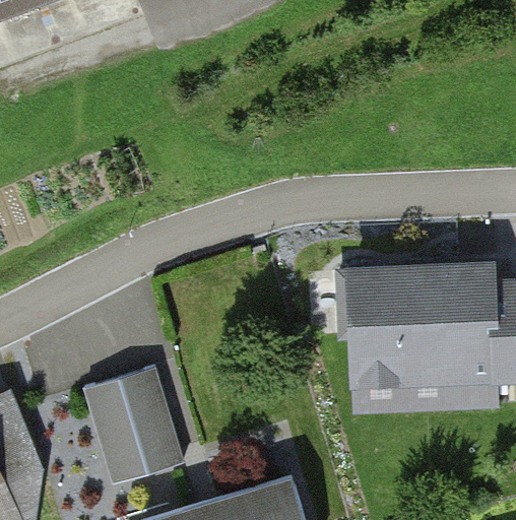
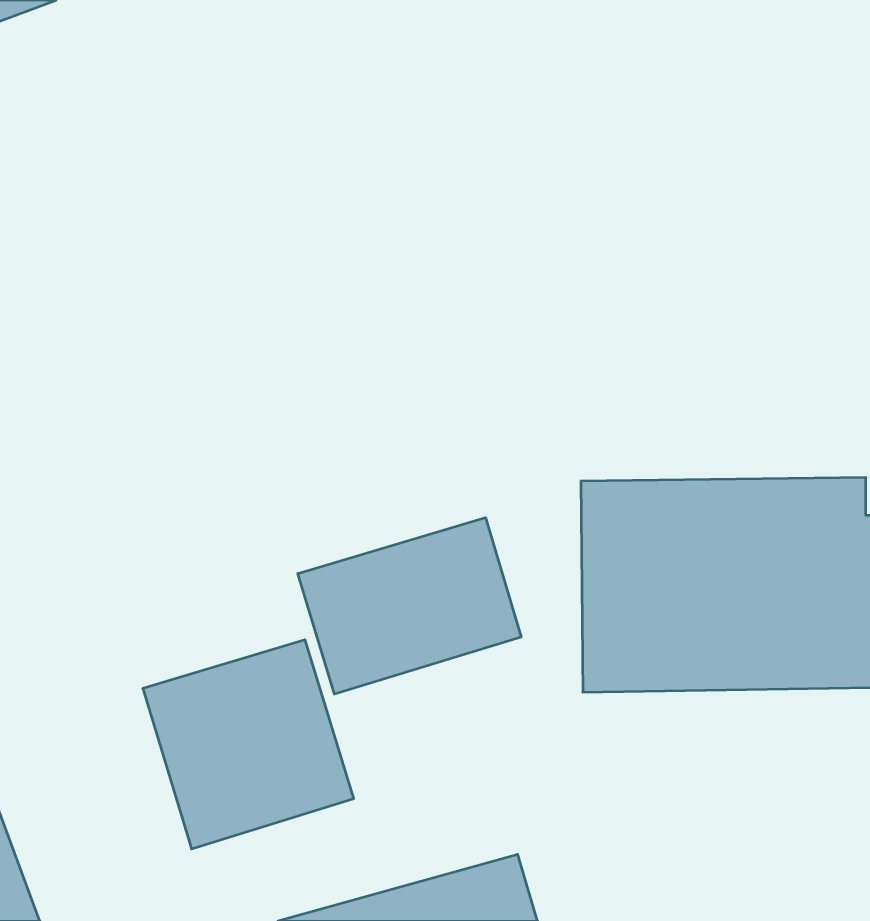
building: none -> [298,518,521,694]

